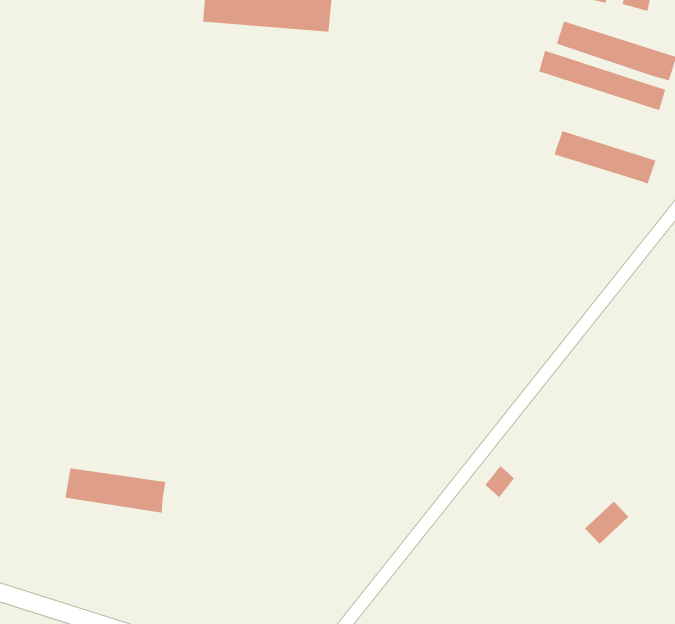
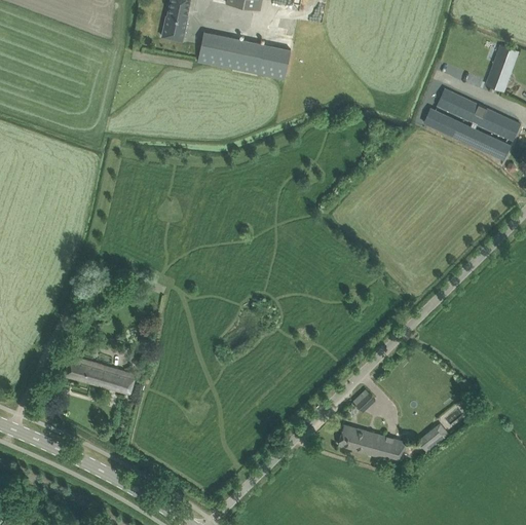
building: [554,130,656,185] -> none
building: none -> [337,424,405,462]

